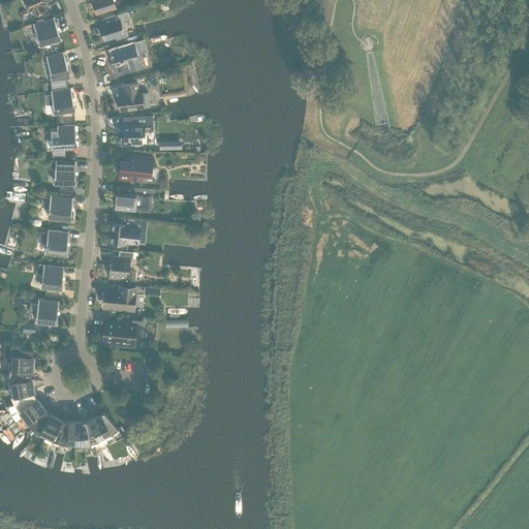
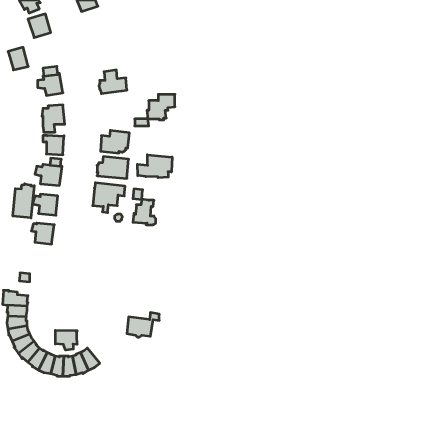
building: [100,10,130,39] -> none
building: [111,43,138,75] -> none
building: [45,51,69,77] -> [8,47,28,70]
building: [120,116,153,146] -> [147,94,175,120]
building: none -> [137,155,172,178]
building: none -> [13,184,34,218]
building: [108,250,135,280] -> [133,199,156,225]
building: [105,286,135,310] -> none
building: [29,299,58,322] -> none
building: [104,314,143,343] -> [127,313,159,337]
building: none -> [55,330,77,350]

